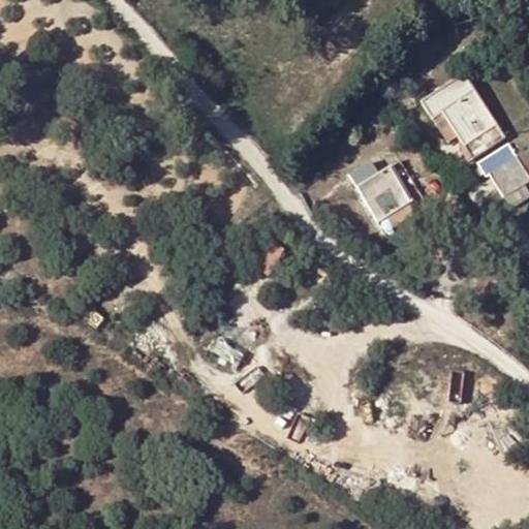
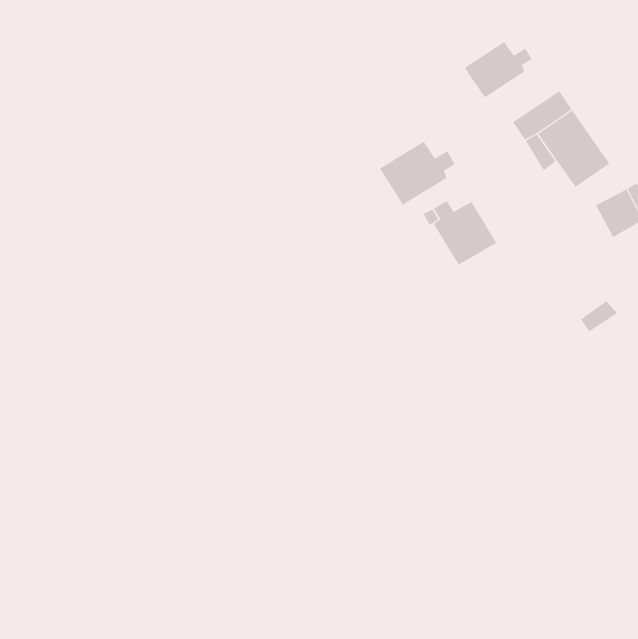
building: none -> [464,41,532,98]
building: none -> [379,141,456,206]

